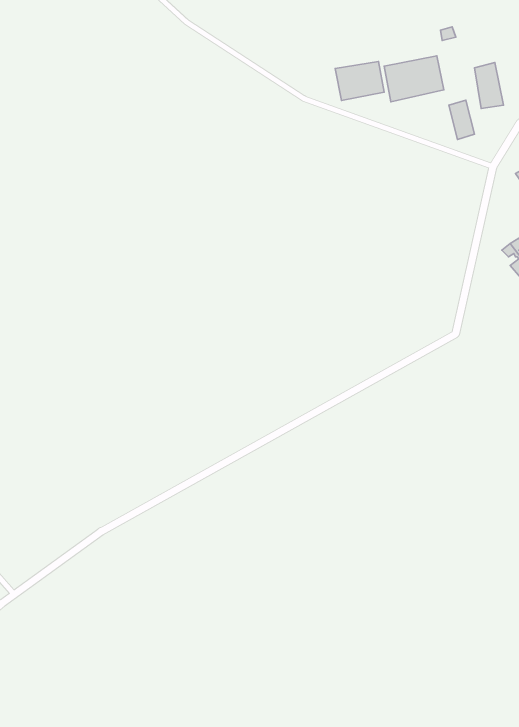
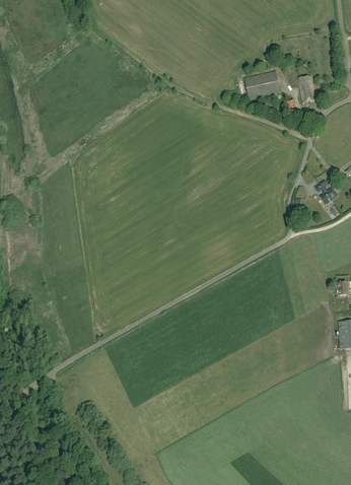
building: [335,62,384,101] -> none

